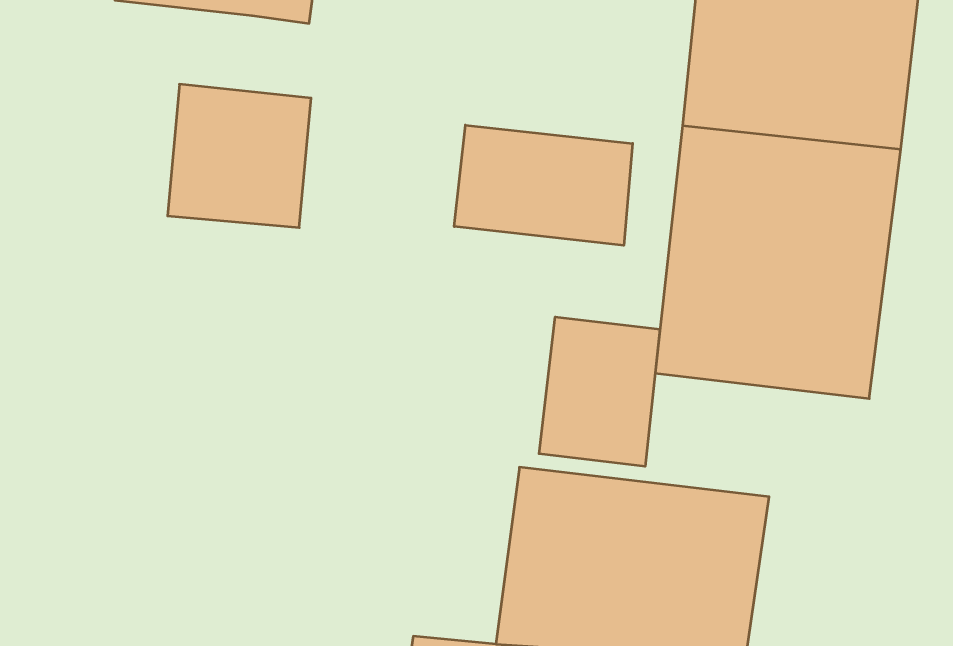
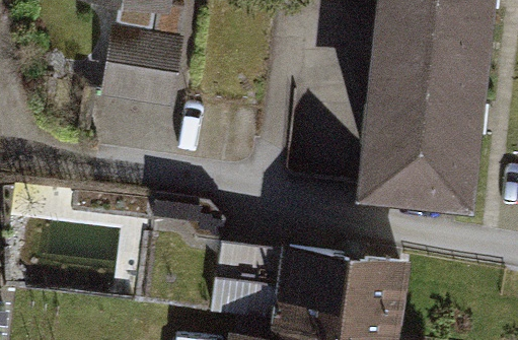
building: [454,125,633,245] -> none
building: [539,317,660,466] -> none

